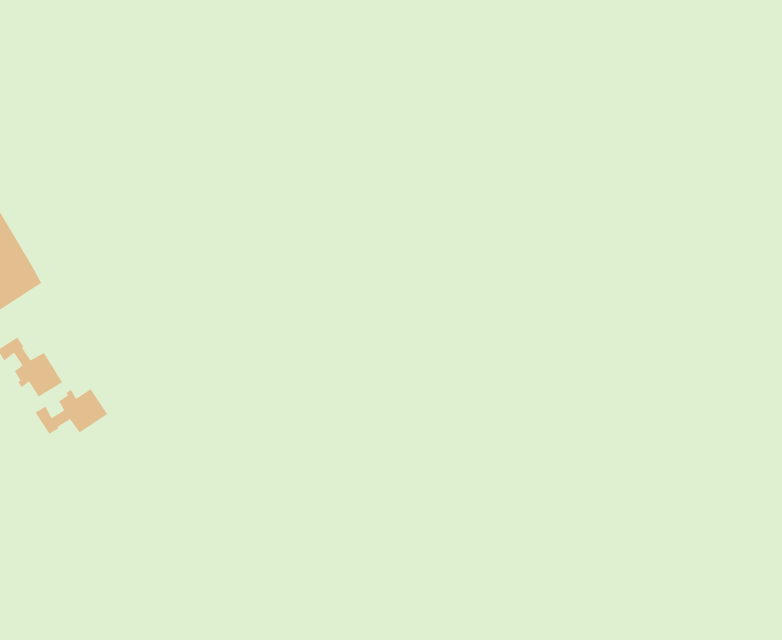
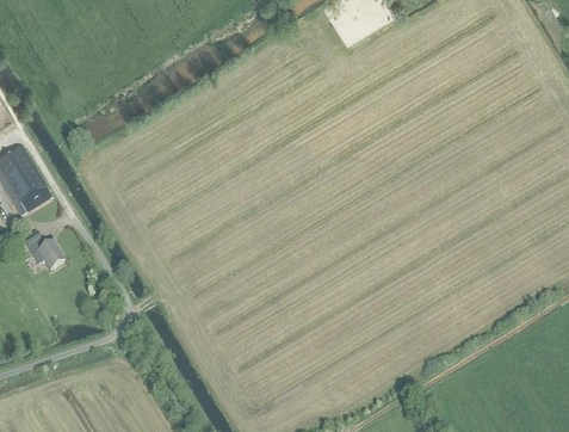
building: [35,388,108,435] -> none

